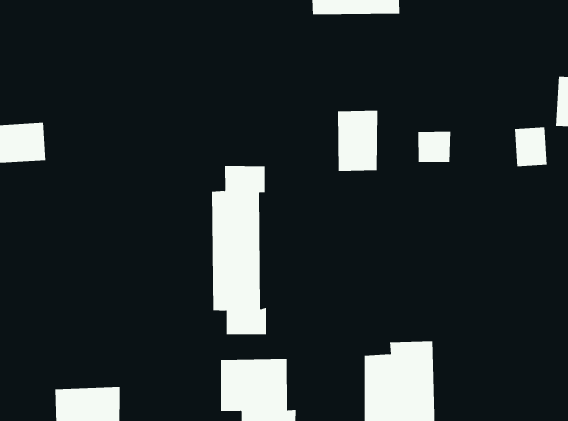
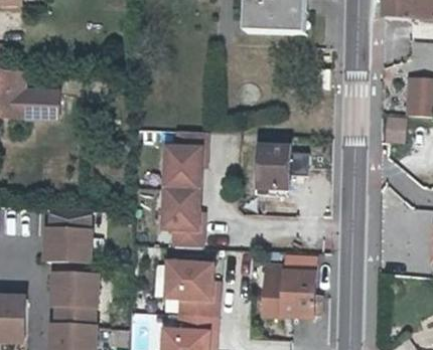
building: [337,110,378,171] -> [257,146,287,188]
building: none -> [44,209,91,264]

